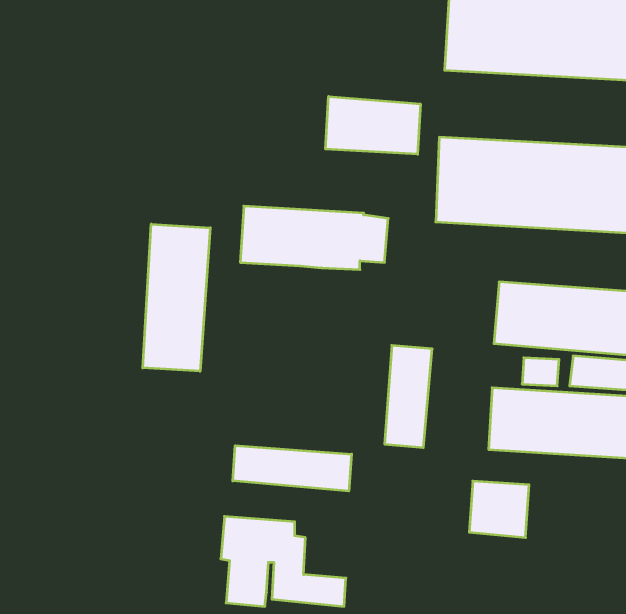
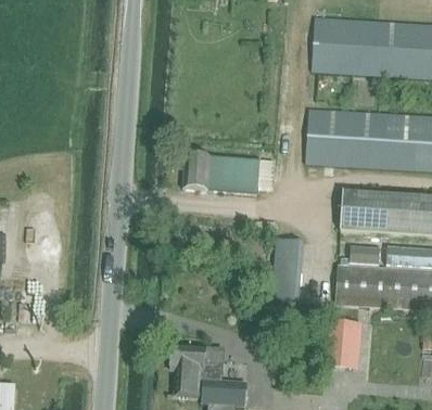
building: [326,96,420,154] -> none
building: [143,224,210,371] -> none
building: [233,446,352,491] -> none

